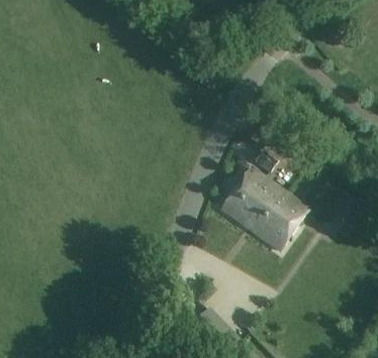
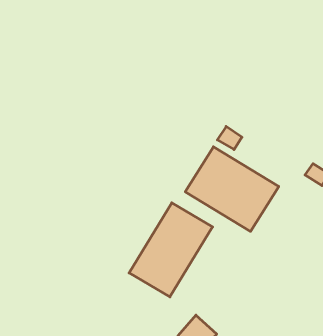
building: none -> [129,203,213,297]

